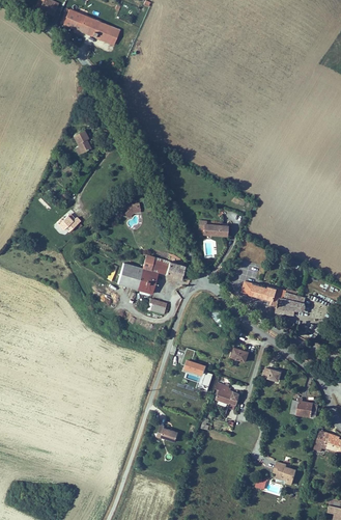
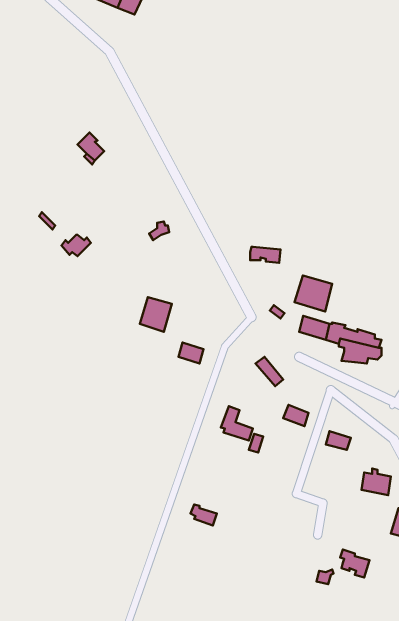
building: none -> [295,275,332,311]
building: [136,255,184,295] -> none
building: [215,381,239,409] -> none

